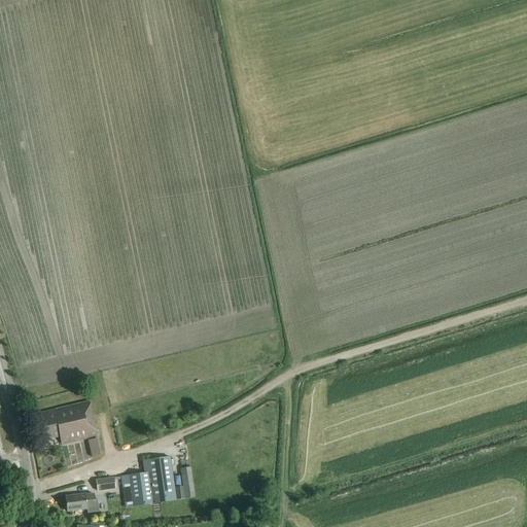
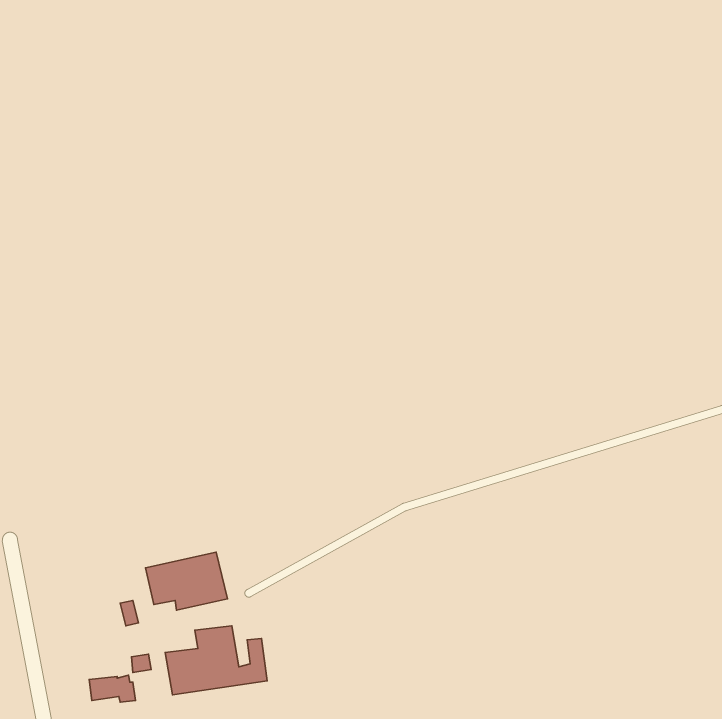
building: [38,400,98,443] -> [145,552,227,610]

